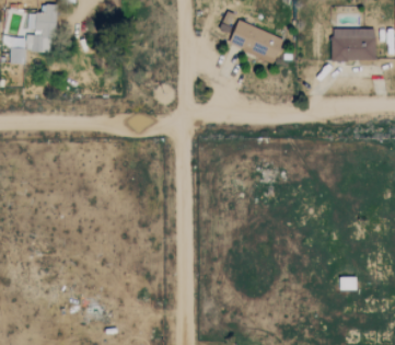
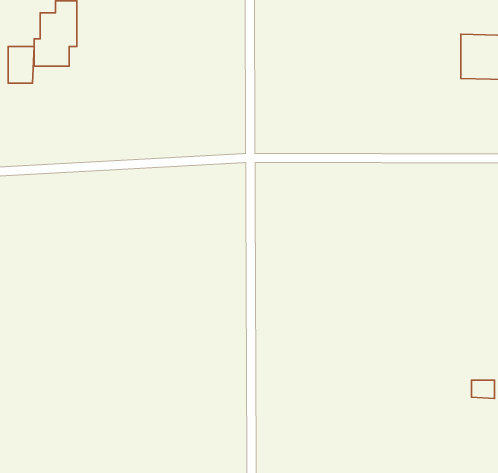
building: [228,21,283,64] -> none

